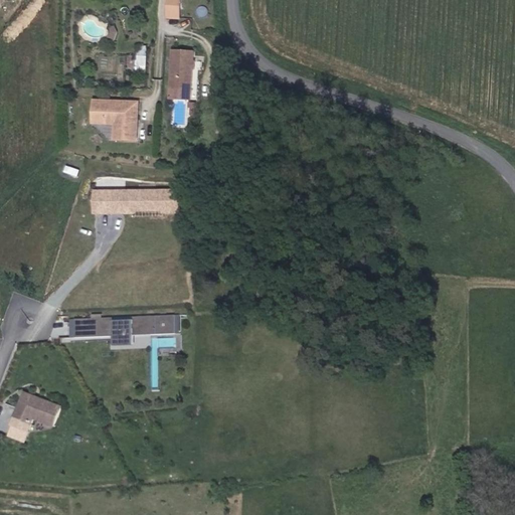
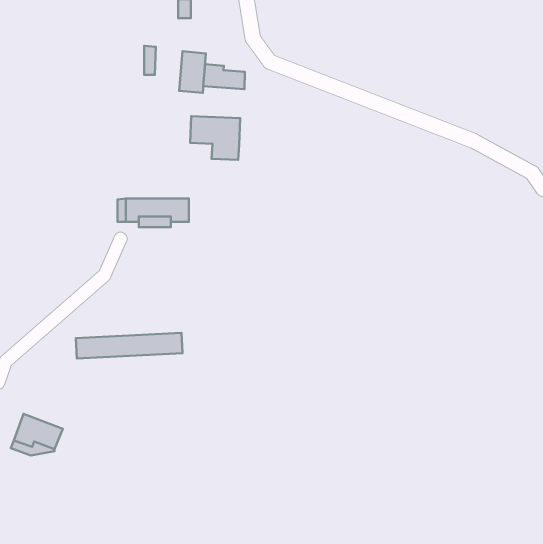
building: none -> [203,64,245,89]
building: [90,100,137,141] -> [190,116,240,160]
building: [92,188,111,209] -> none

